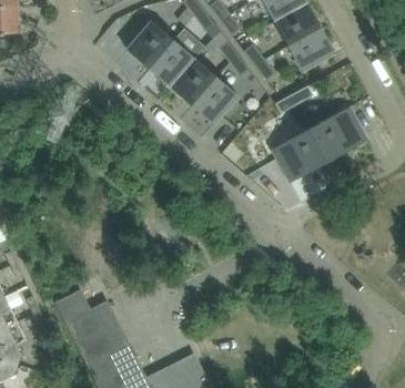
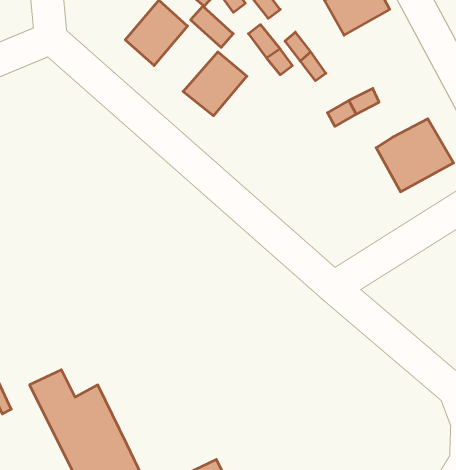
building: [286,27,334,70] -> none
building: [148,39,194,86] -> none
building: [191,75,237,123] -> none
building: [271,127,327,181] -> none

